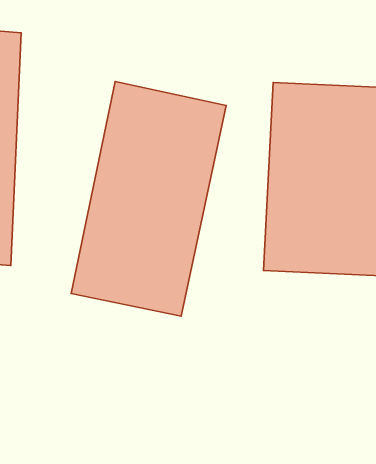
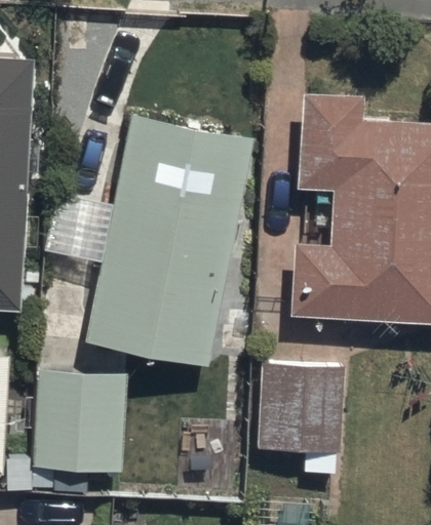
building: none -> [262,372,344,460]
building: none -> [37,375,130,480]

